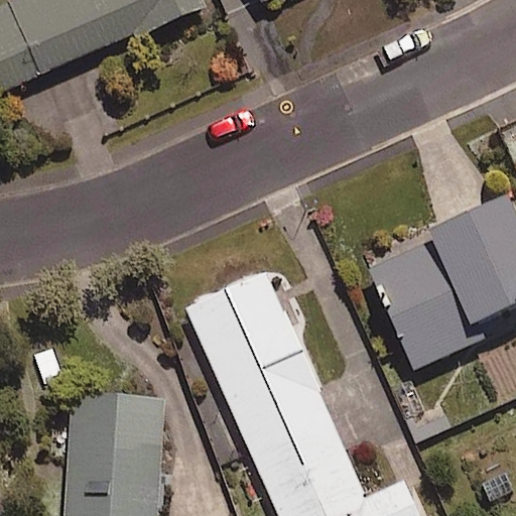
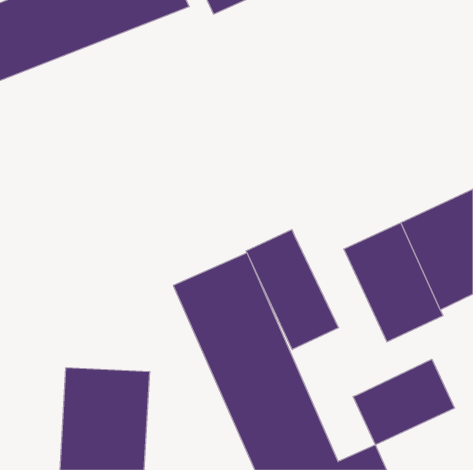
building: none -> [246,230,338,350]
building: none -> [353,359,455,445]

